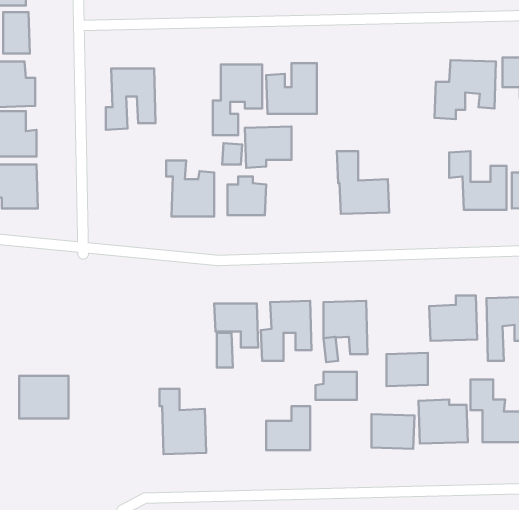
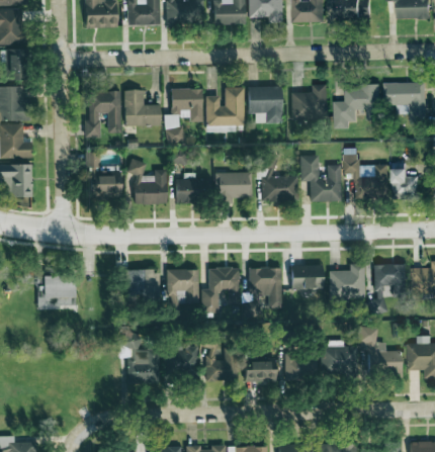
building: none -> [291,85,327,119]
building: none -> [248,86,282,122]
building: none -> [124,89,161,126]
building: [245,126,292,168] -> [216,172,252,203]
building: none -> [85,151,120,198]
building: none -> [300,155,341,201]
building: none -> [126,269,160,301]
building: [387,353,428,386] -> [291,264,323,289]
building: [316,372,357,400] -> [245,360,276,381]
building: [19,376,69,418] -> [37,275,75,307]
building: none -> [163,345,198,375]

